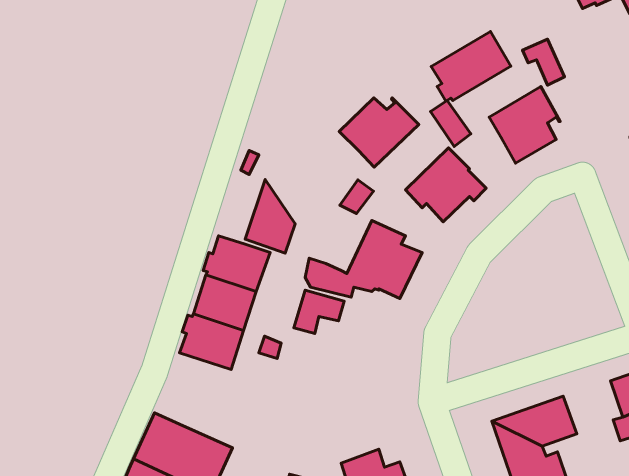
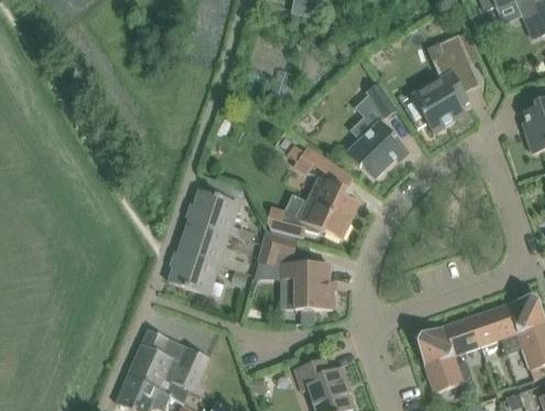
building: [431,32,511,101] -> none
building: [339,98,419,167] -> none
building: [245,179,295,253] -> none
building: none -> [280,263,335,309]
building: none -> [469,303,516,354]

